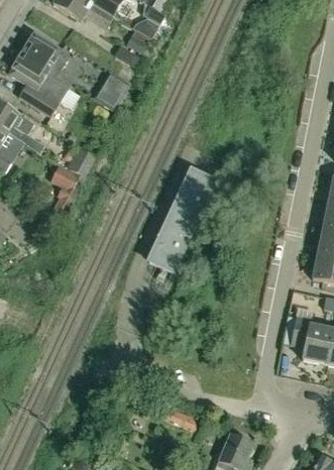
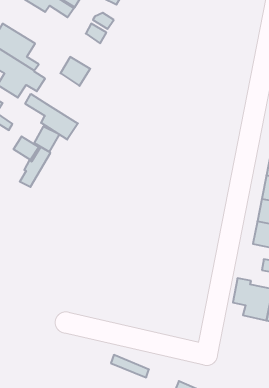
building: none -> [25,94,78,140]
building: [149,169,214,270] -> none

